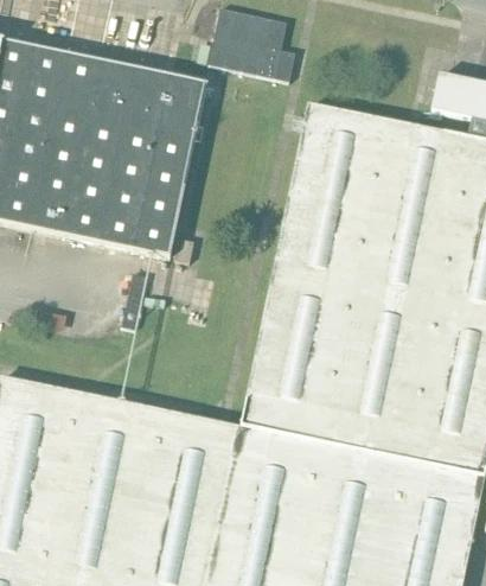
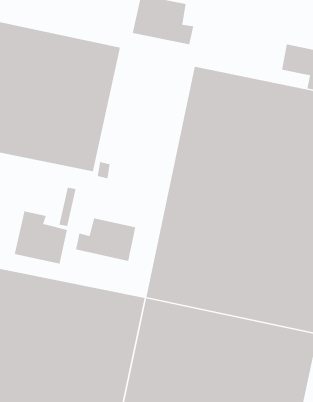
building: none -> [14,210,68,264]
building: none -> [75,217,136,262]

